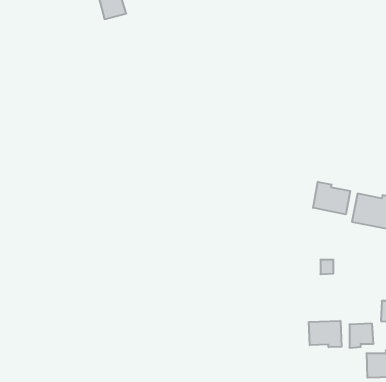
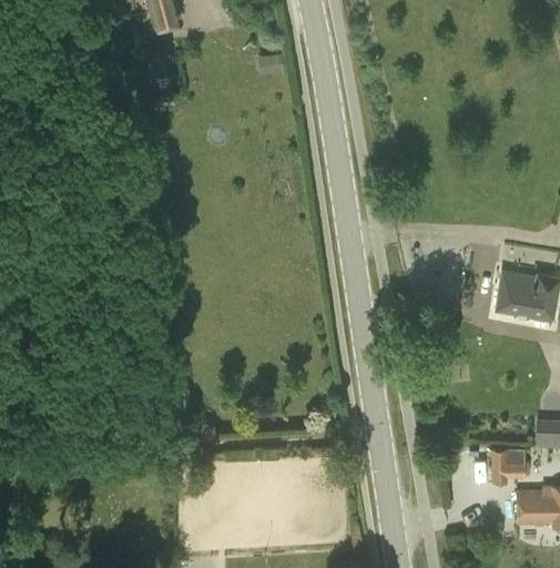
building: [313,182,350,214] -> none
building: [309,321,342,347] -> none

